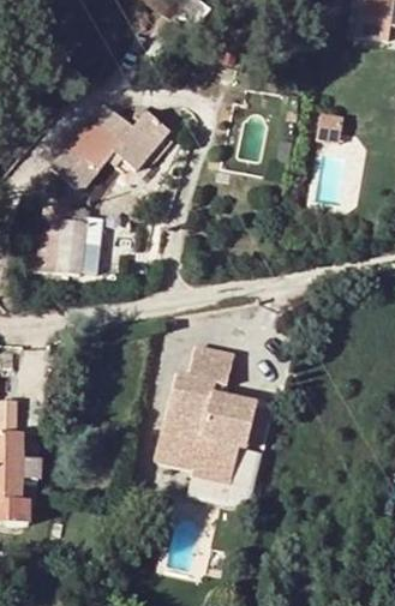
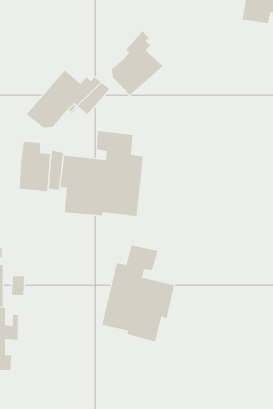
building: none -> [111,31,163,96]
building: none -> [60,130,144,217]

